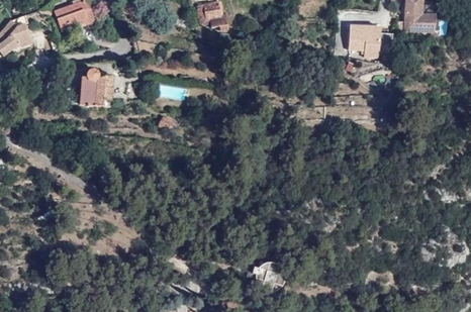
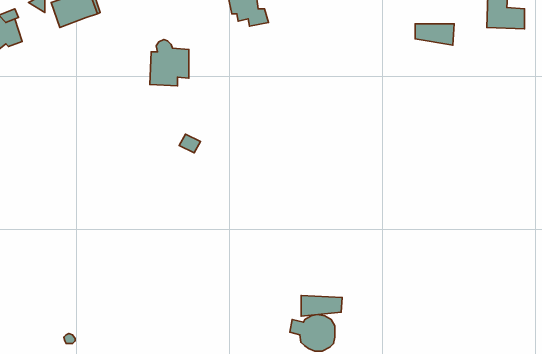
building: [348,39,378,58] -> none
building: [80,68,111,105] -> [150,39,189,86]
building: none -> [301,295,342,316]

